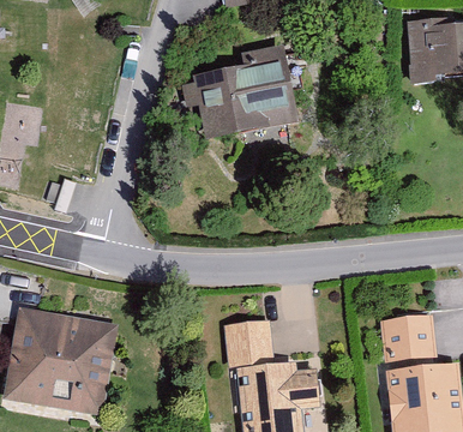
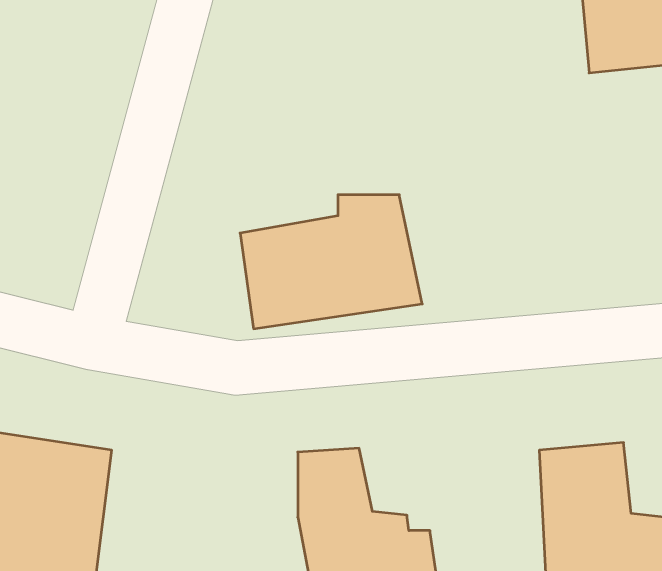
building: [188,50,302,134] -> [240,195,422,329]

